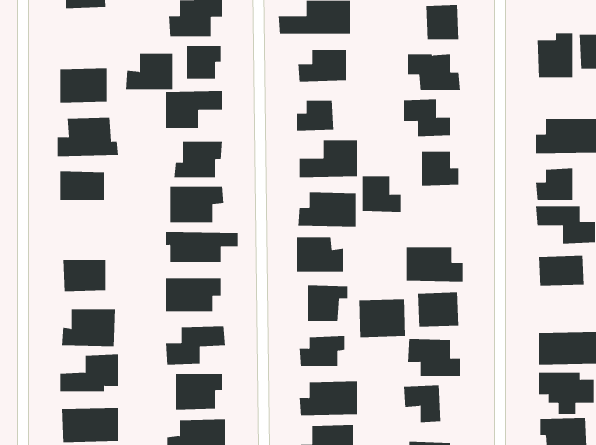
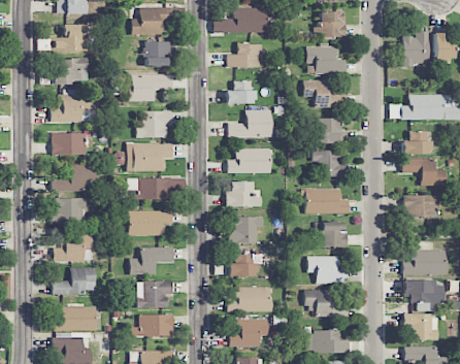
building: [125,53,173,90] -> [53,24,88,51]
building: [362,176,401,213] -> [318,150,347,176]
building: none -> [52,163,96,191]
building: [359,298,405,338] -> none

